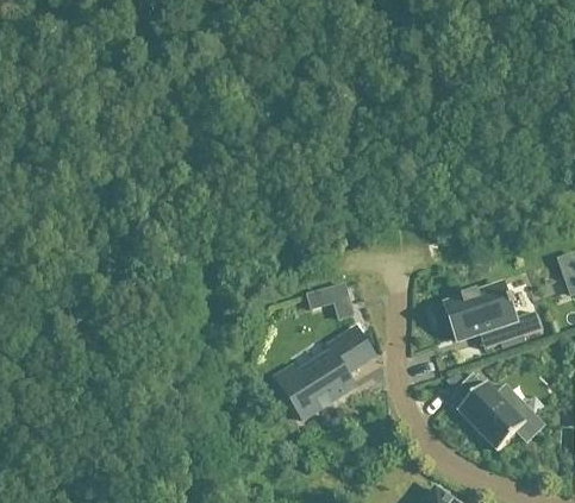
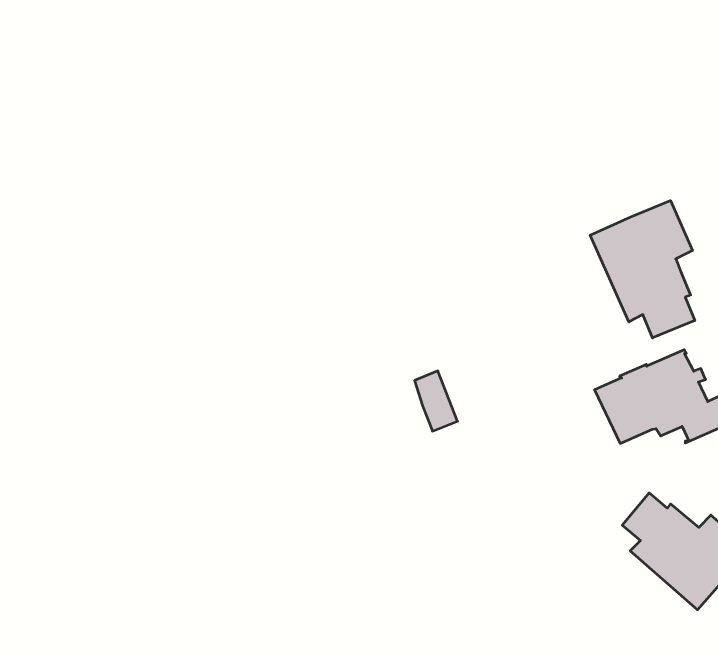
building: none -> [590,201,695,338]
building: [277,328,375,420] -> none

